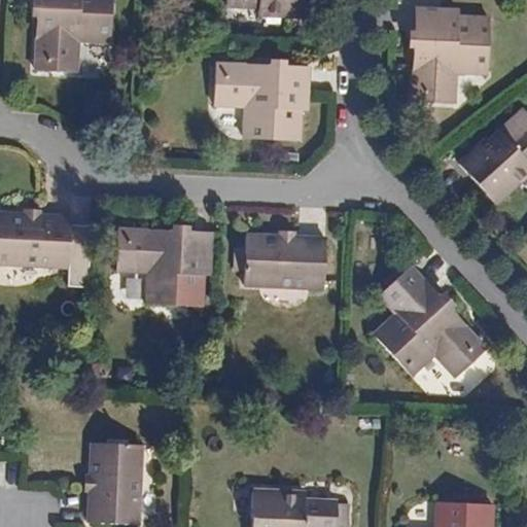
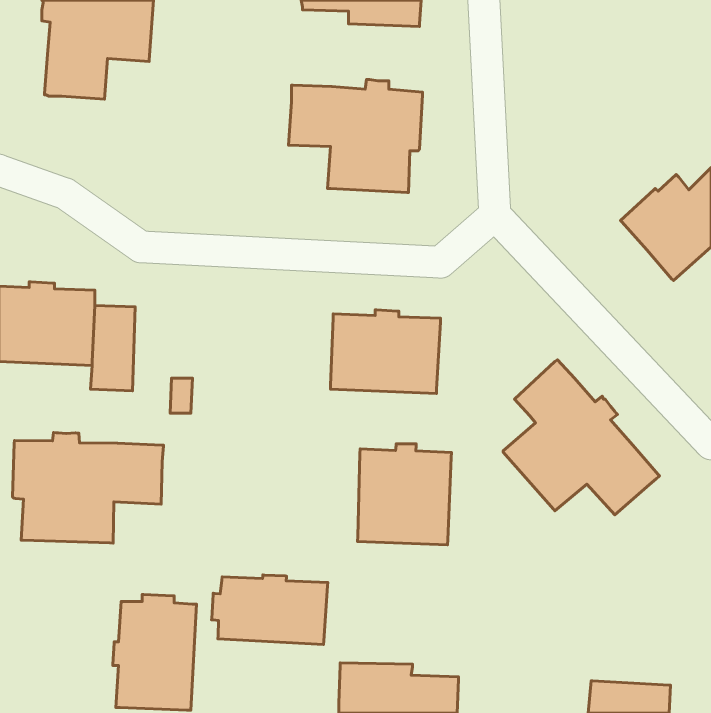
building: [407,7,489,103] -> none
building: [115,224,214,308] -> none
building: none -> [12,433,164,543]
building: none -> [358,444,451,545]
building: none -> [212,575,328,644]

